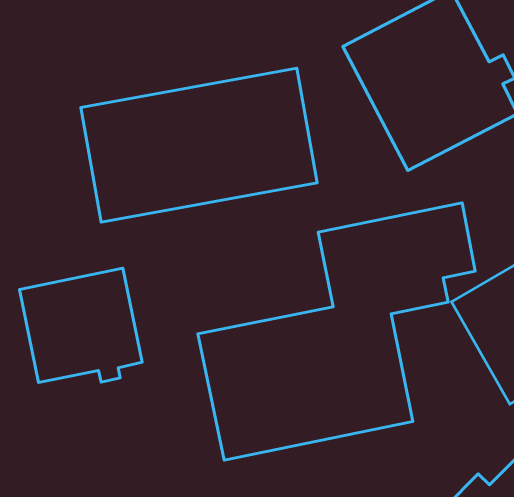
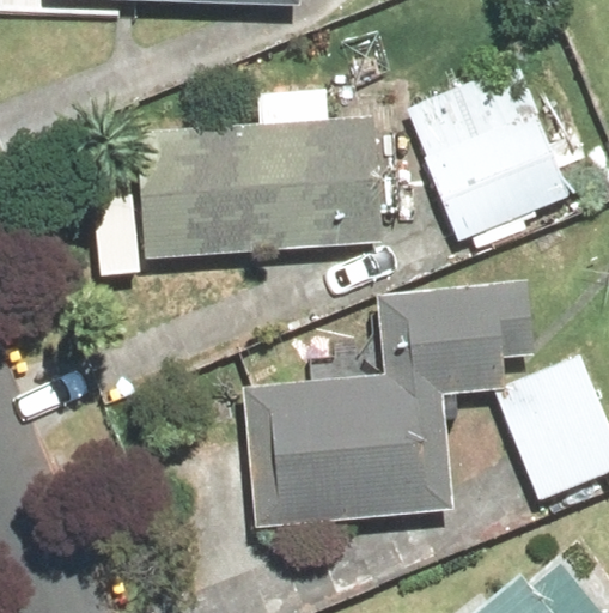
building: [19,268,142,382] -> none

